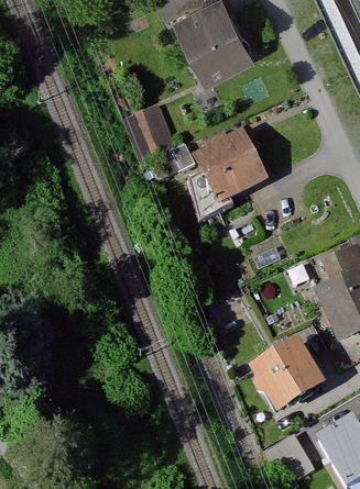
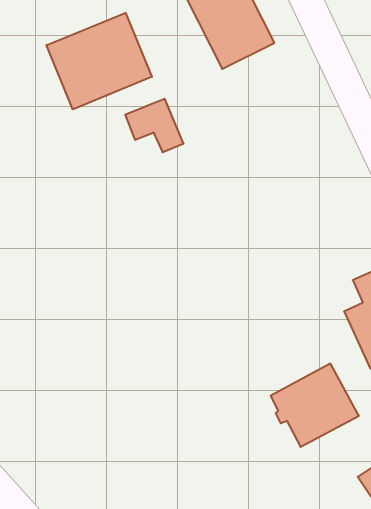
building: none -> [46,13,152,109]
building: [187,129,268,223] -> none

